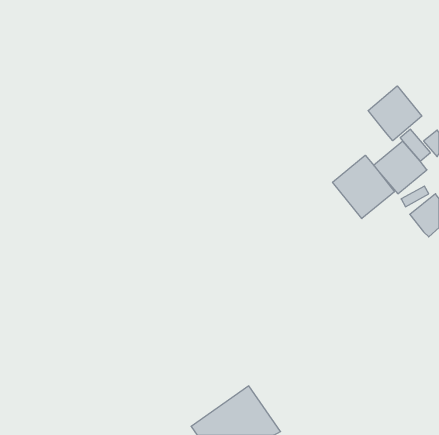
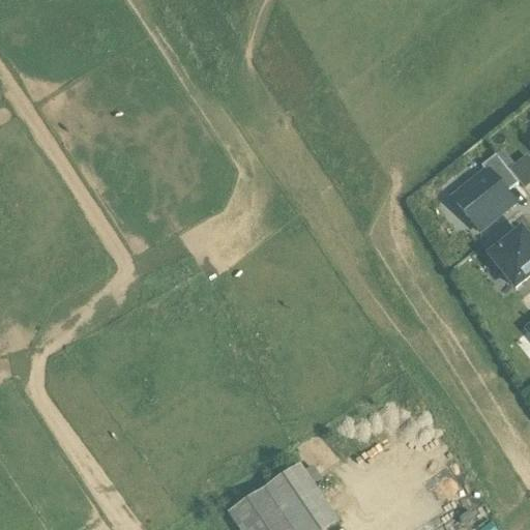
building: [368,86,422,141] -> none
building: [333,155,394,219] -> none

